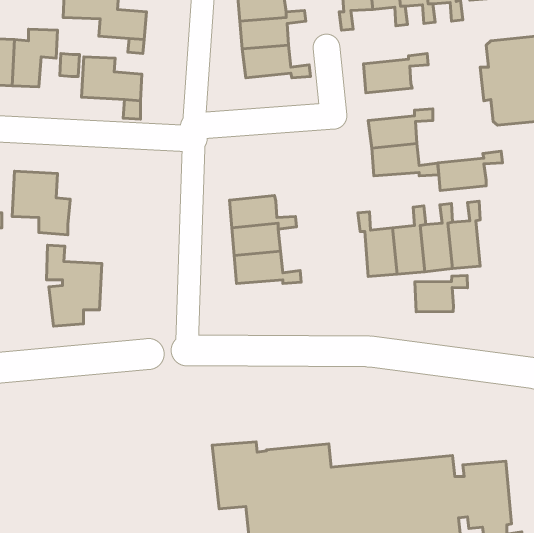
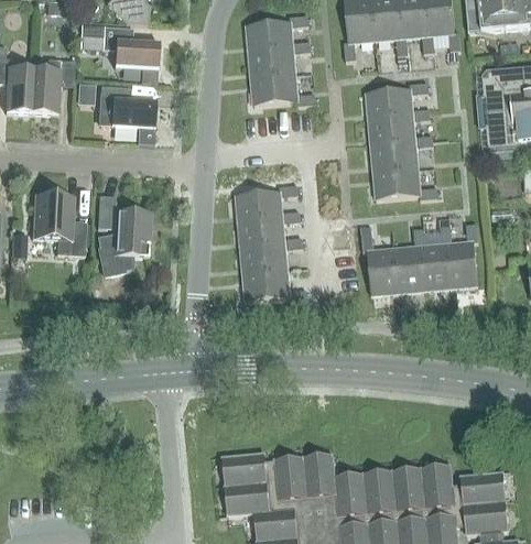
building: [438,151,502,191] -> [368,109,430,146]
building: none -> [235,185,300,224]
building: [46,245,102,326] -> [97,195,150,272]
building: [415,275,467,312] -> none

